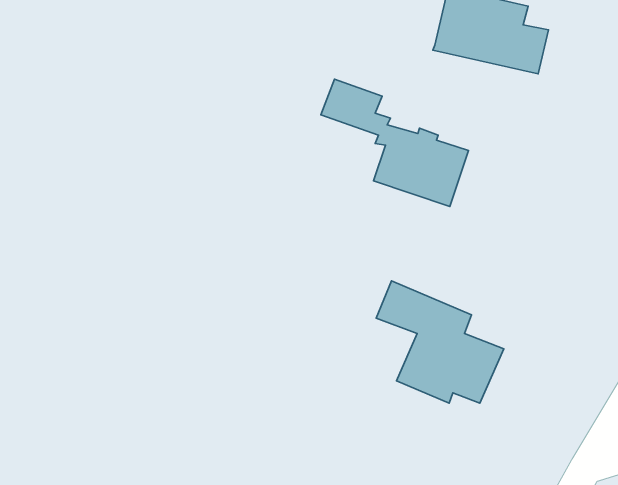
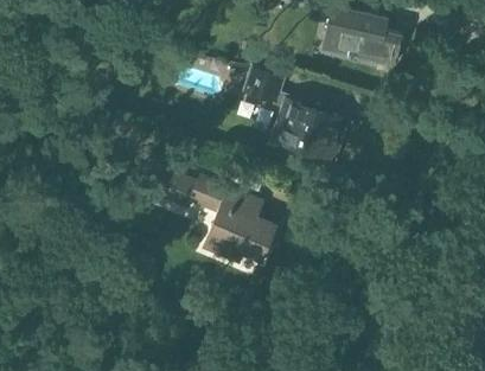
building: [376,281,504,403] -> [189,178,277,263]

